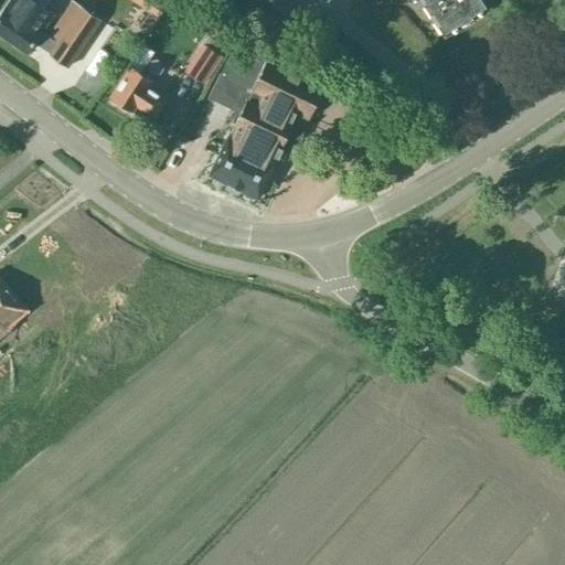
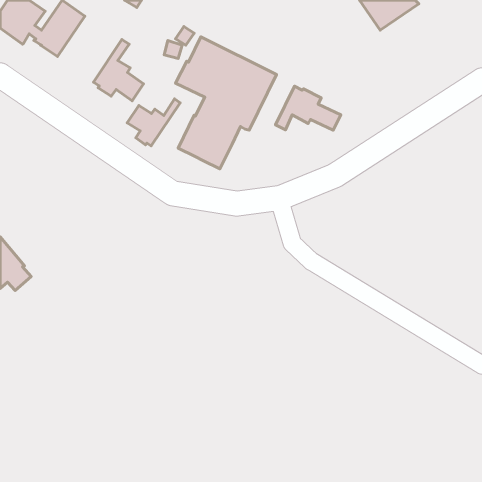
building: none -> [275,86,341,130]
building: none -> [127,99,180,146]

